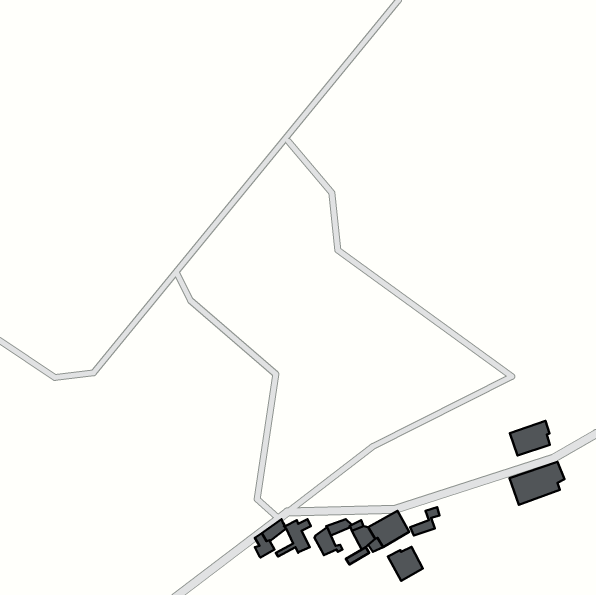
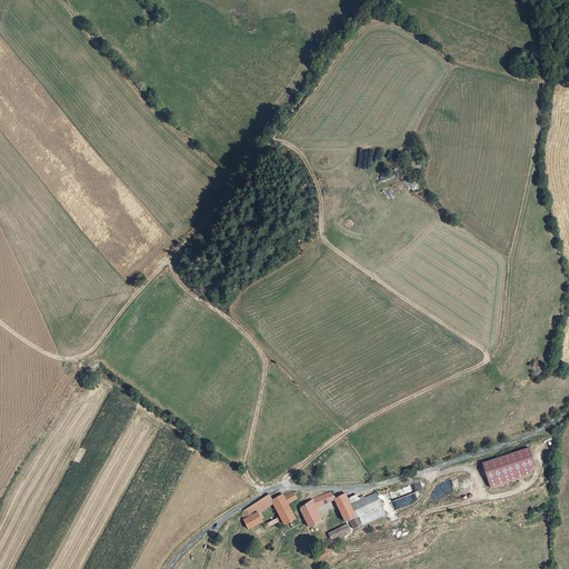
building: [510,421,550,455] -> none
building: [388,547,423,581] -> none

